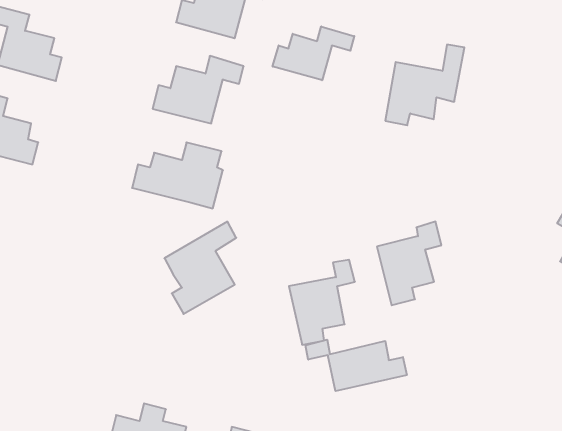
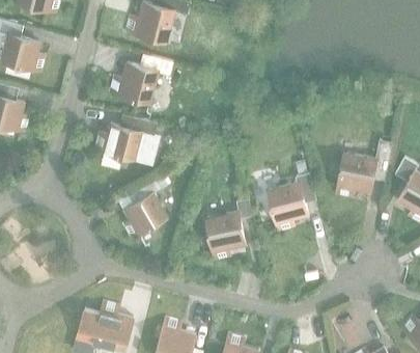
building: [273,26,354,80] -> none
building: [385,45,464,125] -> [336,141,392,198]
building: [306,340,407,391] -> none

